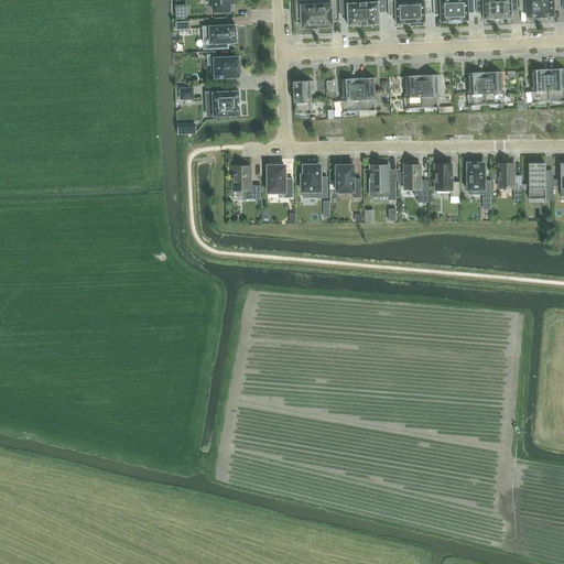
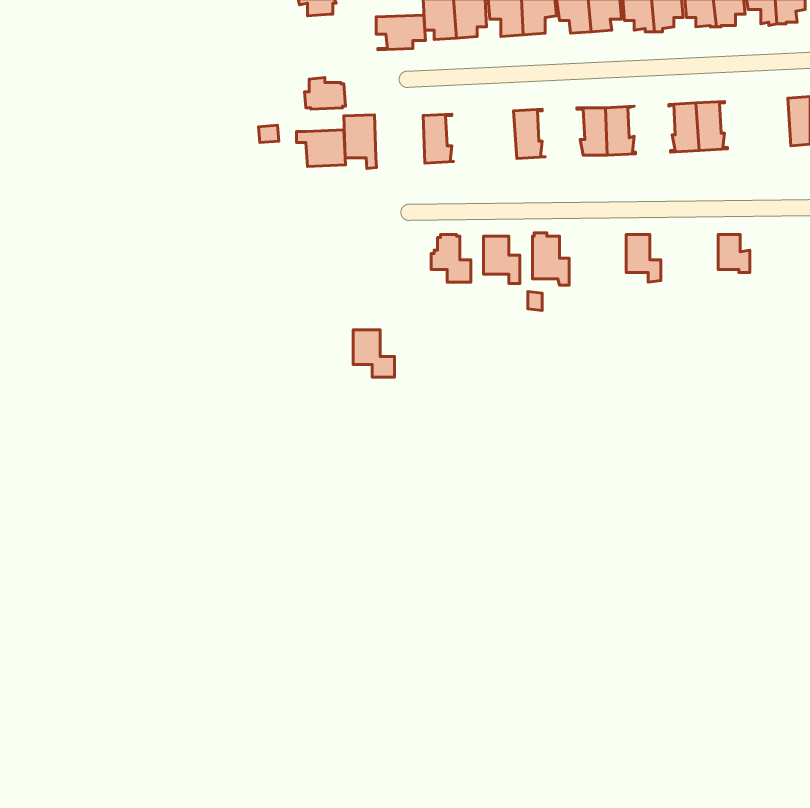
building: [203,24,237,48] -> [376,15,425,50]
building: [528,68,550,102] -> none
building: [338,77,359,111] -> none
building: none -> [344,115,377,168]
building: [466,160,490,193] -> none
building: [404,162,429,195] -> none
building: [529,162,553,199] -> none
building: [268,163,293,196] -> none
building: [232,165,261,198] -> [353,330,394,377]

